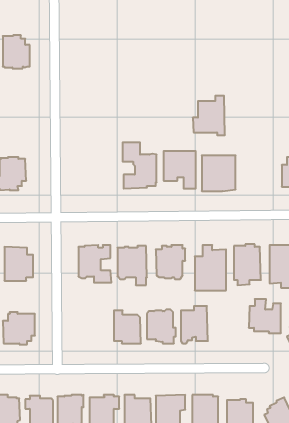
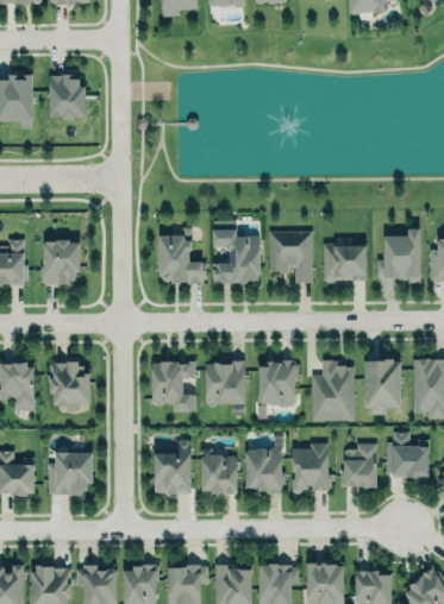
building: [193,96,225,135] -> [377,229,421,283]
building: none -> [160,235,202,284]
building: none -> [155,440,192,496]
building: none -> [340,443,379,489]

